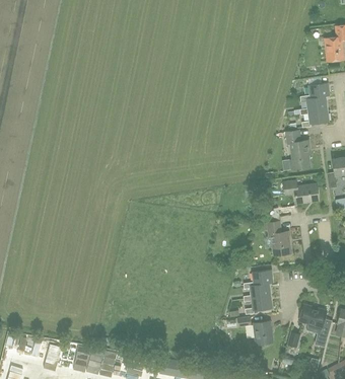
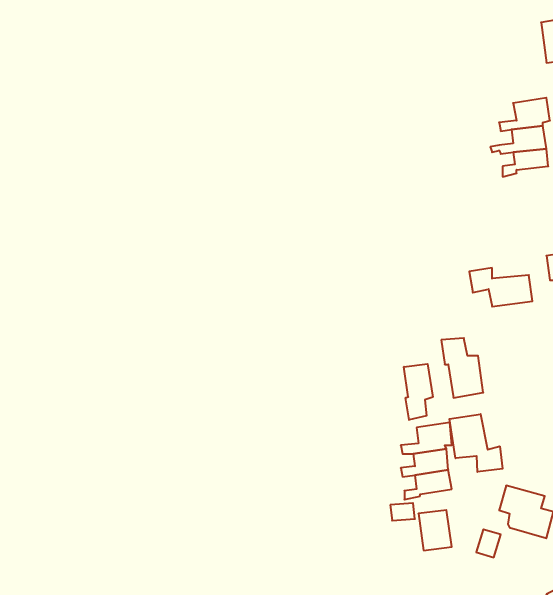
building: [286,129,310,167] -> none
building: none -> [404,364,433,420]
building: none -> [449,414,503,472]

